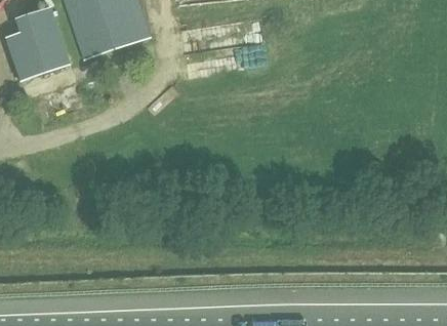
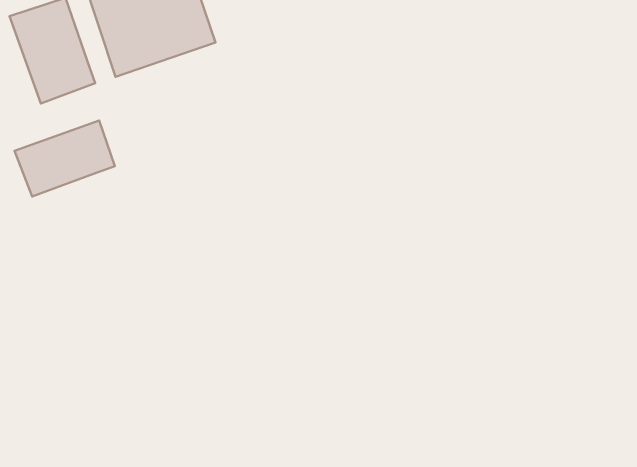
building: none -> [15,121,115,196]

